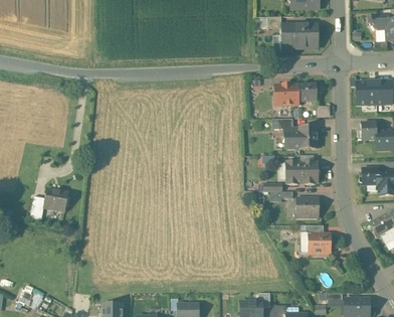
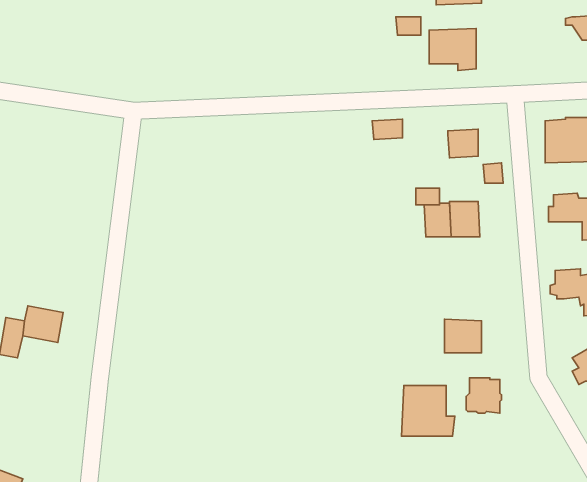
building: [275,84,300,106] -> none
building: [285,161,319,184] -> none
building: none -> [402,385,455,436]

